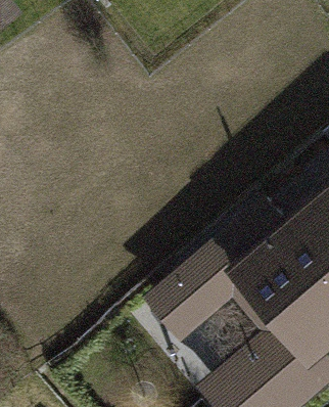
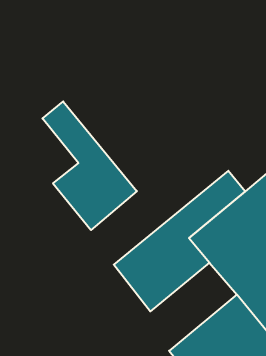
building: none -> [42,101,137,230]

